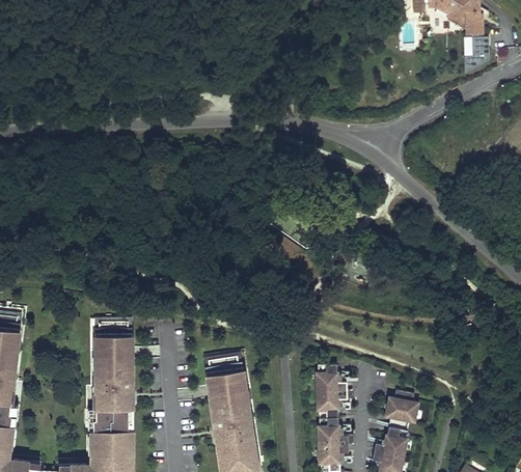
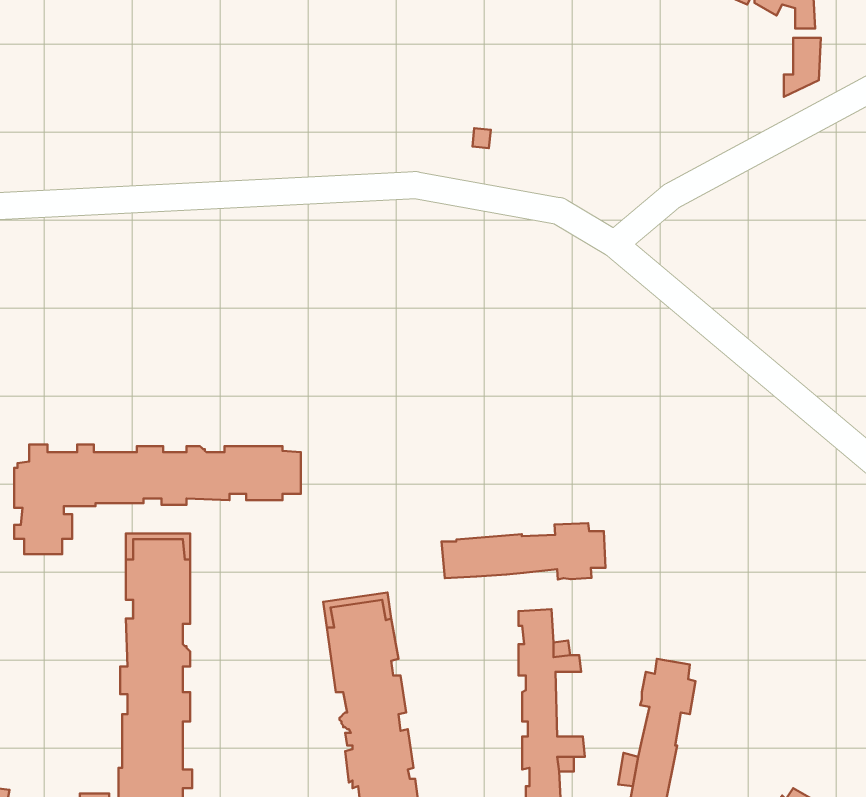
building: none -> [14,445,301,554]
building: none -> [441,523,606,579]

